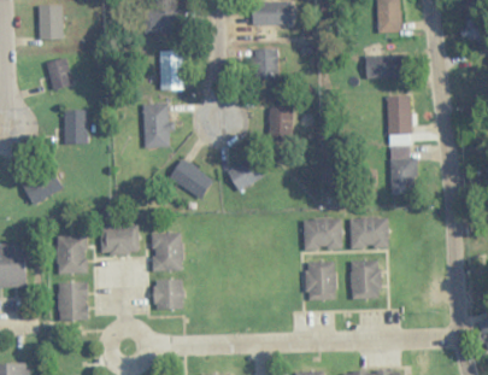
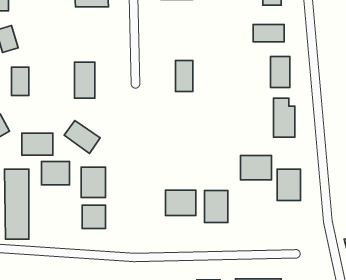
building: [251,48,277,86] -> none
building: [160,51,182,88] -> none
building: [227,153,267,191] -> none
building: [169,158,213,199] -> [64,121,100,154]
building: none -> [22,133,53,155]
building: [304,218,341,250] -> [166,190,196,215]
building: [351,260,380,299] -> [277,169,301,200]

